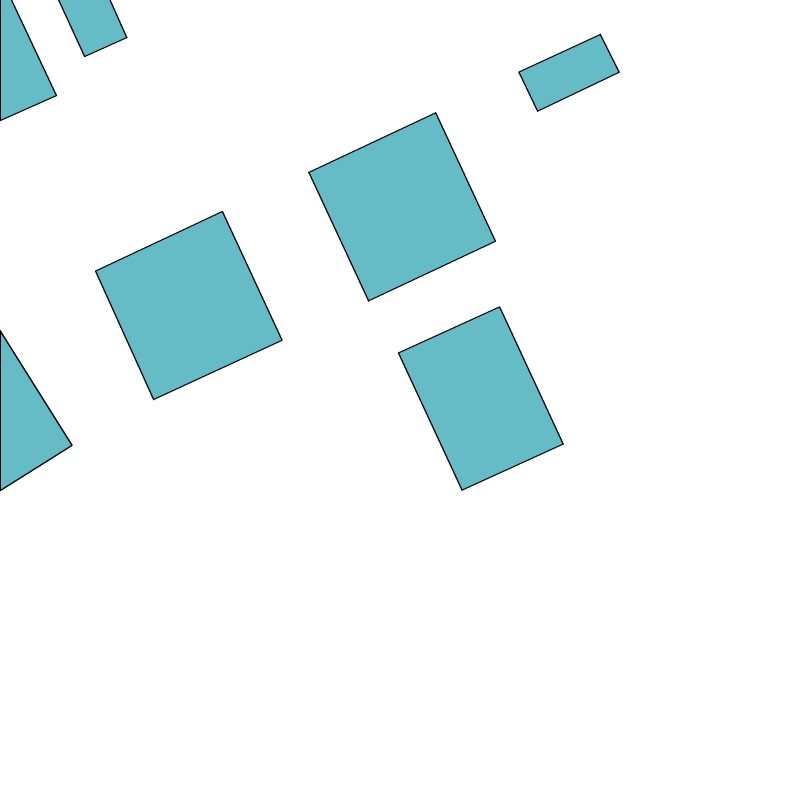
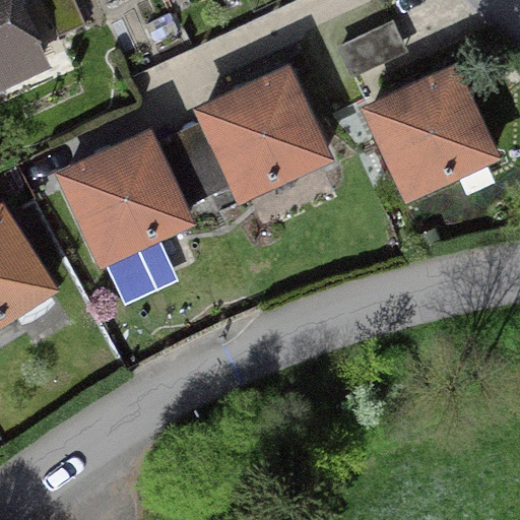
building: none -> [367,72,489,194]
building: [398,307,563,490] -> none

